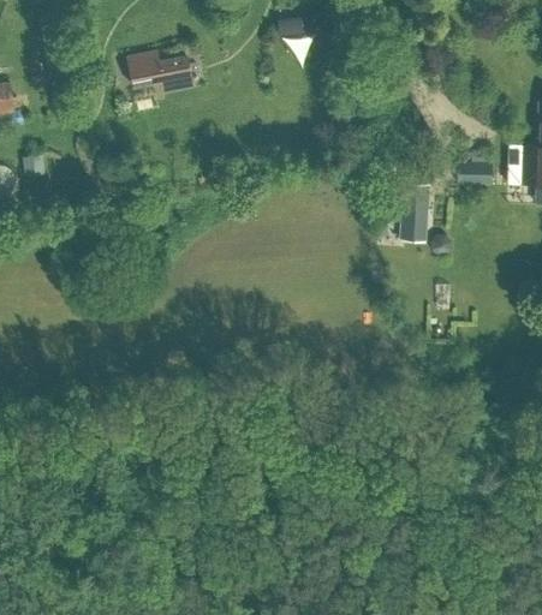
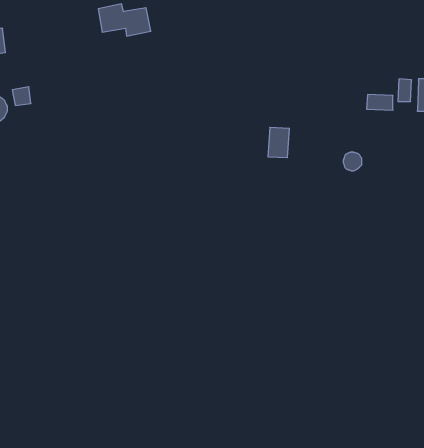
building: [403,185,429,222] -> [268,127,289,158]

